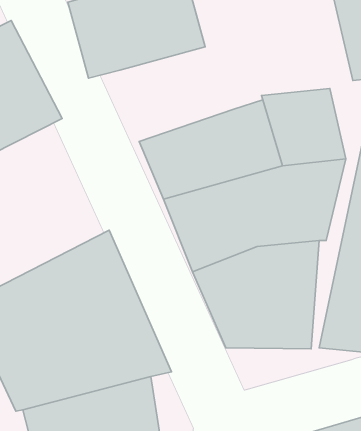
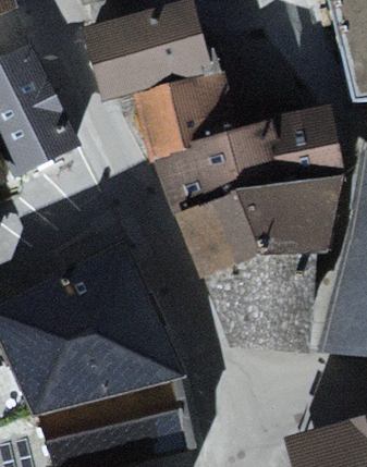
building: none -> [132,66,240,159]

